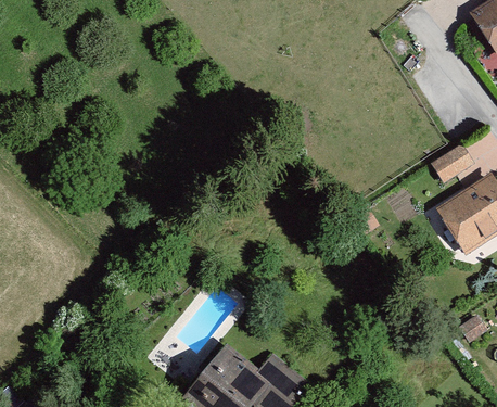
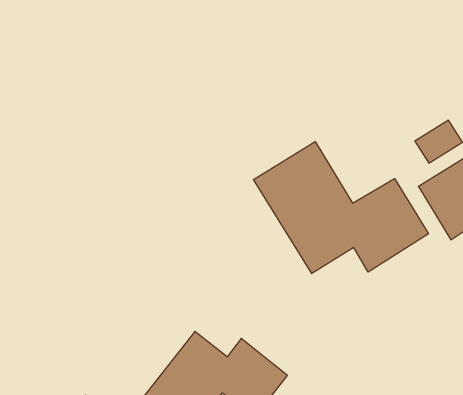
building: none -> [253,142,428,274]

